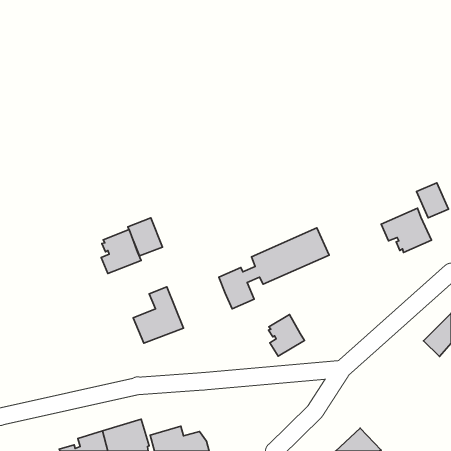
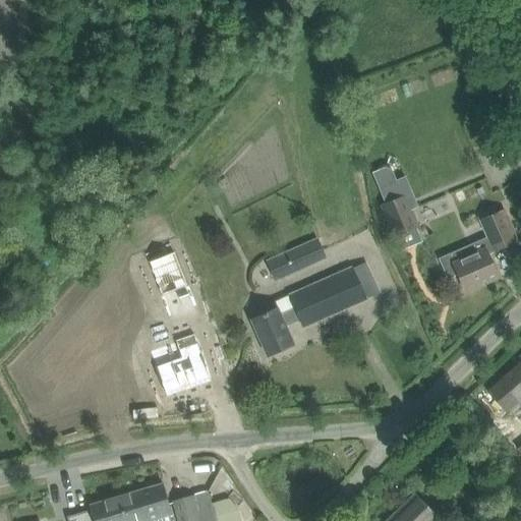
building: none -> [379,178,418,237]
building: none -> [267,238,326,280]
building: [101,230,141,274] -> none
building: [268,315,305,356] -> none

